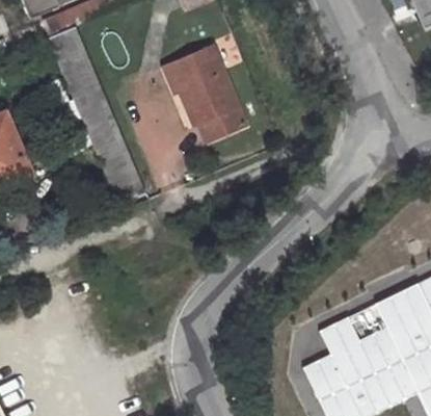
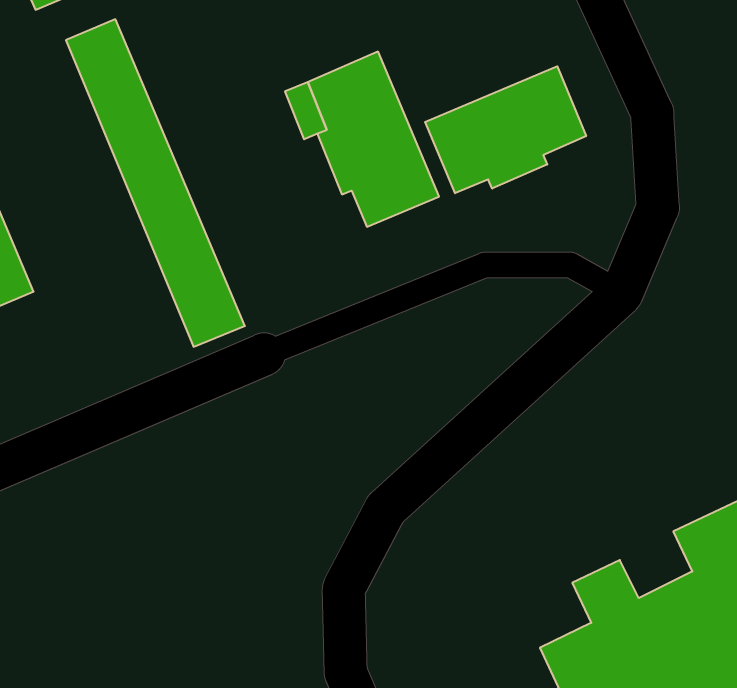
building: none -> [425,66,586,193]

